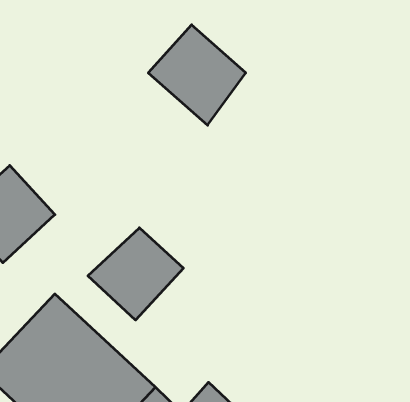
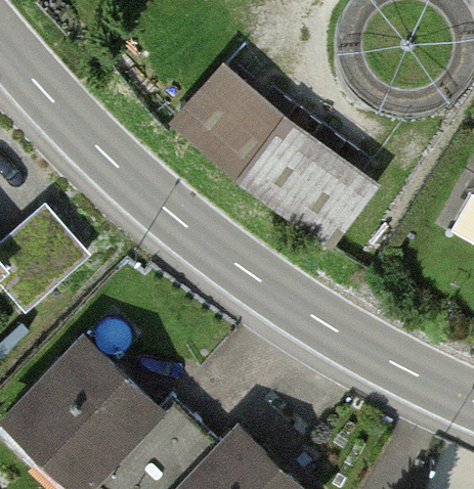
building: none -> [239,114,360,227]
building: [88,228,183,320] -> none

